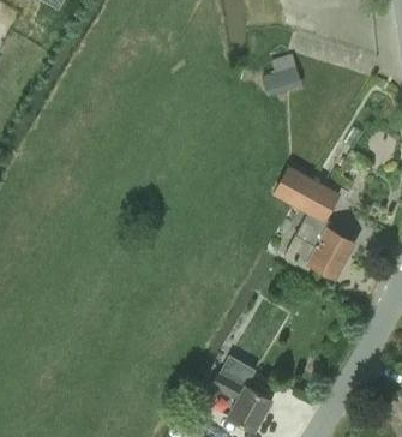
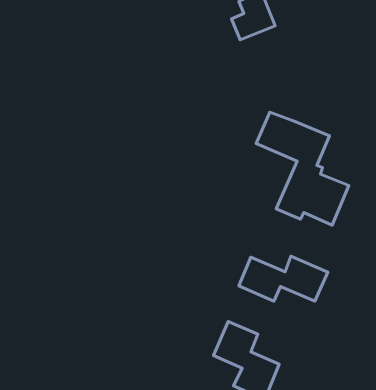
building: none -> [239,256,328,301]

